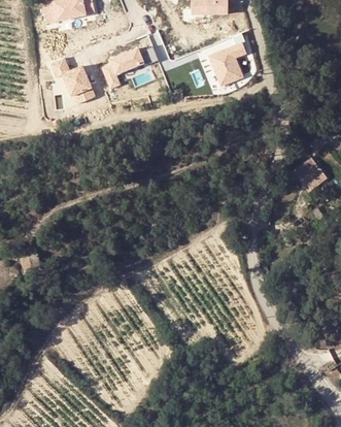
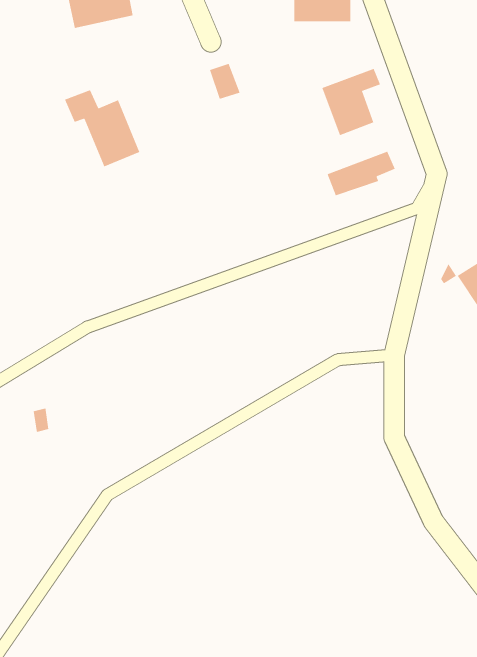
building: [100,44,144,86] -> none
building: none -> [327,151,395,196]

